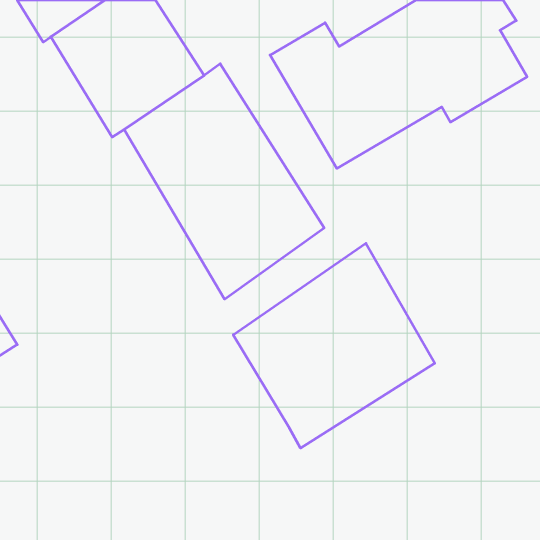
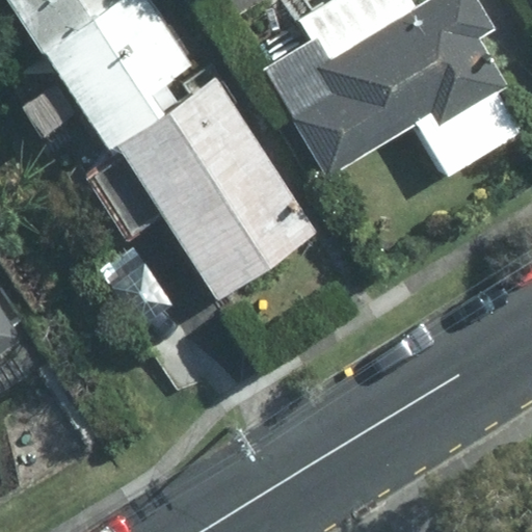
building: [233,243,435,448] -> none

